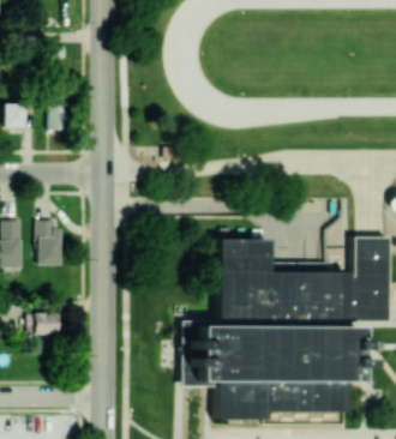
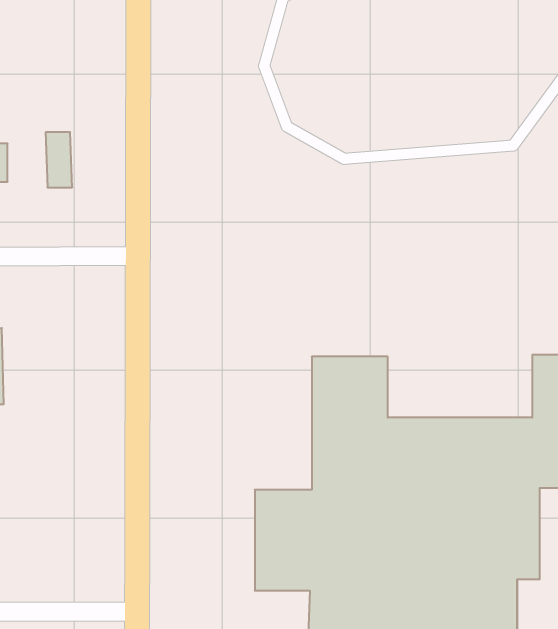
building: [37,220,60,265] -> none
building: [26,312,58,335] -> none

